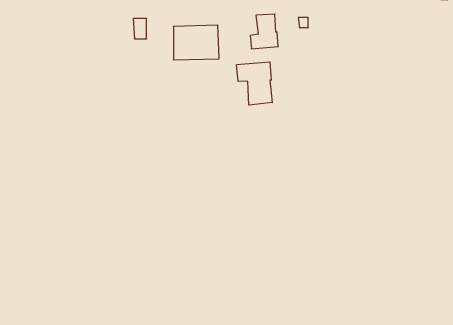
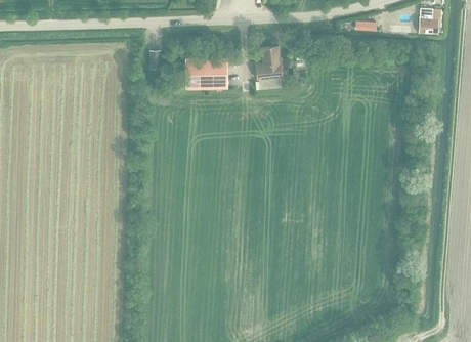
building: [237,62,272,105] -> none

